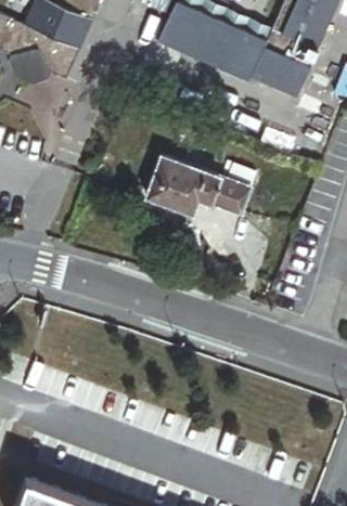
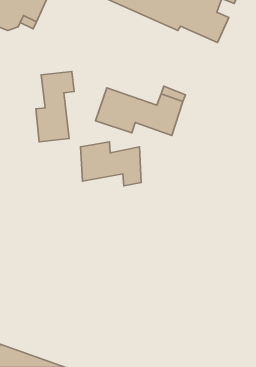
building: none -> [36,72,74,142]
building: none -> [81,142,141,186]

